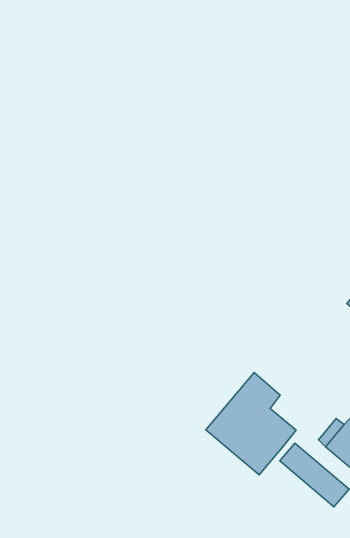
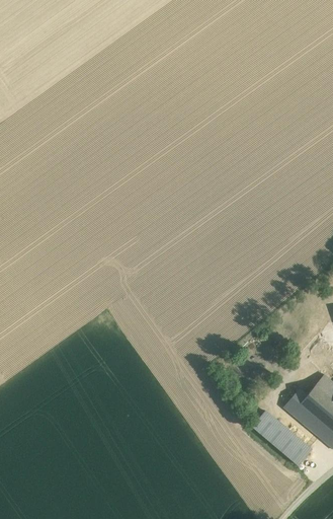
building: [206,372,296,475] -> none

